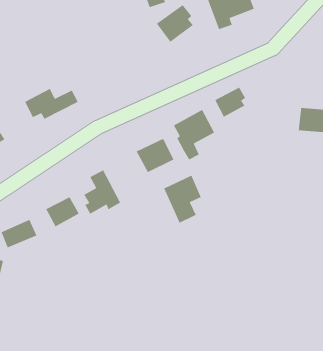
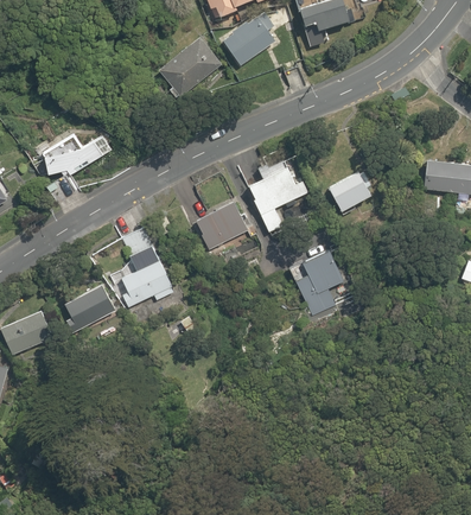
building: none -> [155,33,222,98]
building: [214,86,246,118] -> [326,165,371,209]
building: [163,175,202,224] -> [288,247,343,316]

